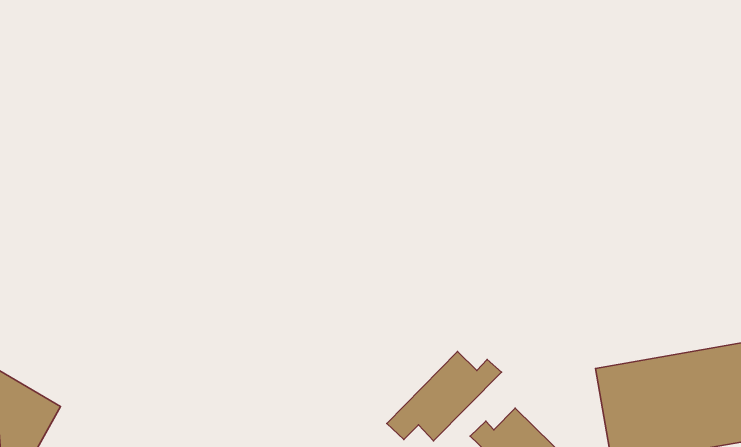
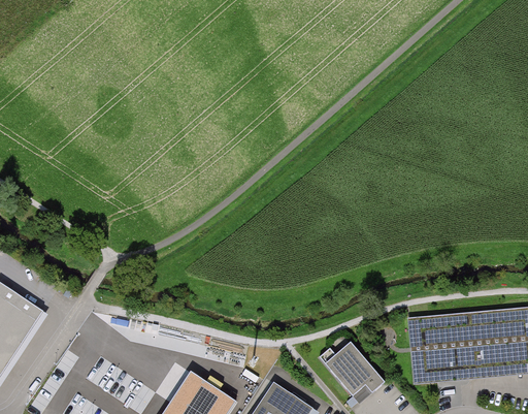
building: [387,352,502,441] -> none

